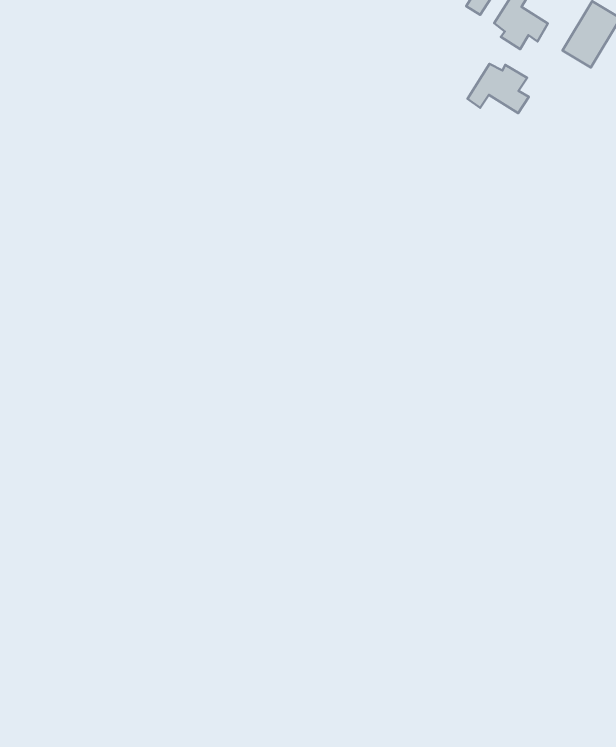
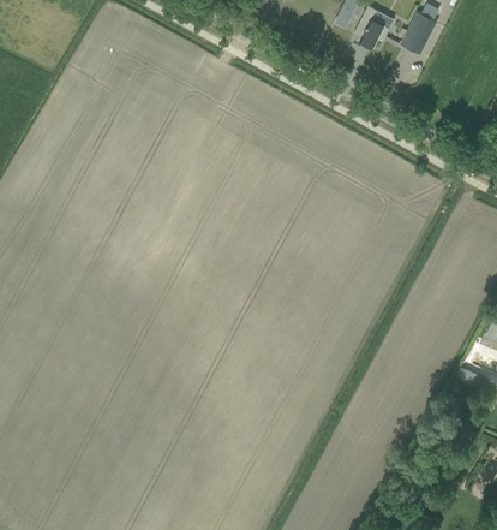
building: [468,64,529,113] -> none

